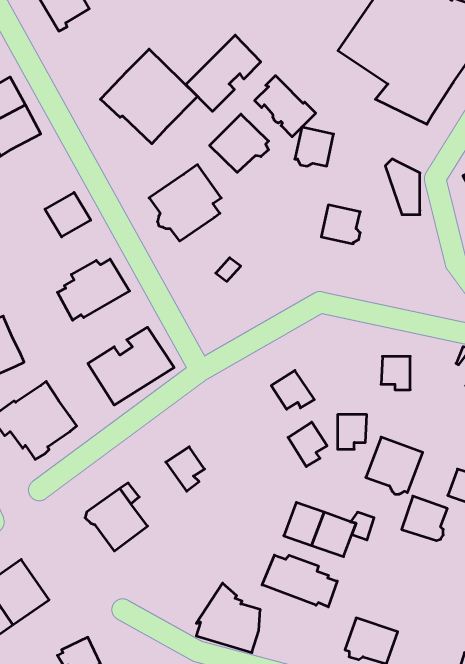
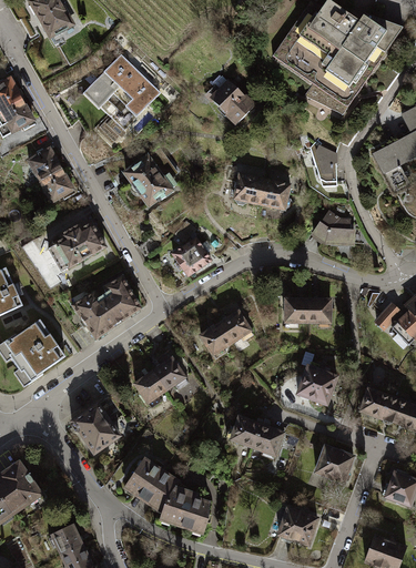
building: [186,35,261,111] -> none
building: [210,114,269,172] -> none
building: [295,127,334,166] -> [233,172,264,203]
building: none -> [26,146,61,181]
building: none -> [312,210,356,245]
building: none -> [172,236,212,276]
building: [338,415,367,449] -> [284,298,307,326]
building: [288,422,327,467] -> [200,322,231,357]
building: none -> [153,357,187,388]
building: [402,496,447,541] -> [316,445,353,480]
building: none -> [124,456,180,511]
building: [262,555,337,607] -> none

